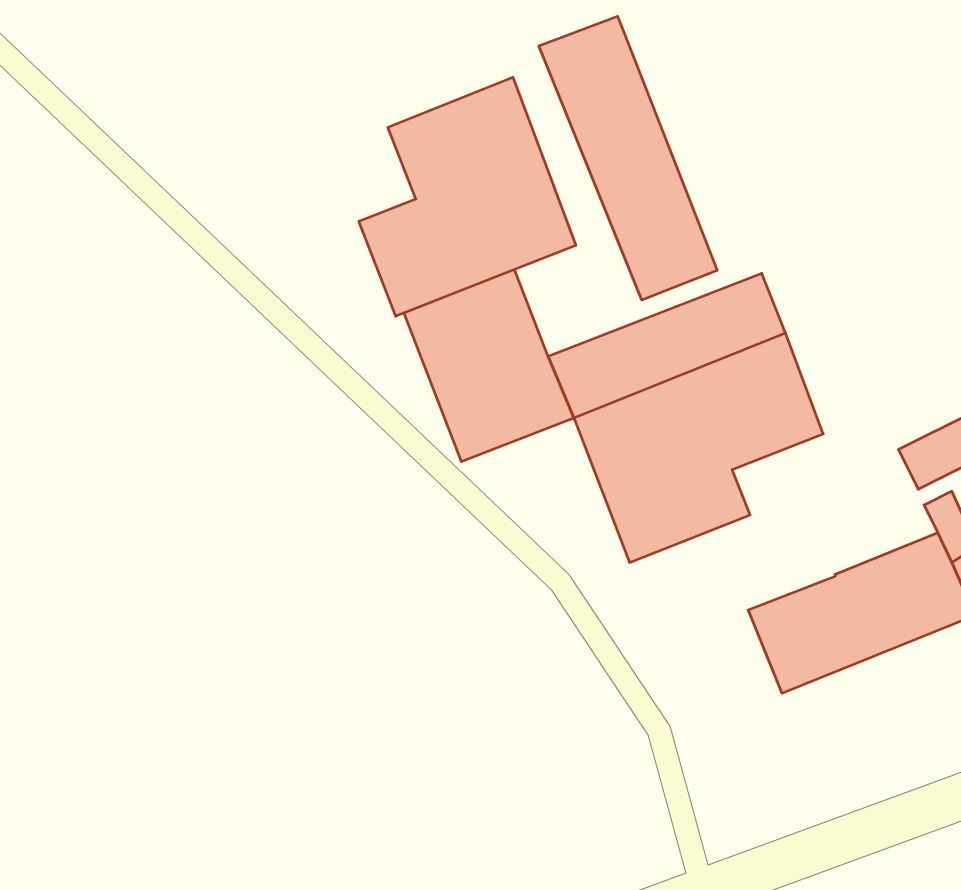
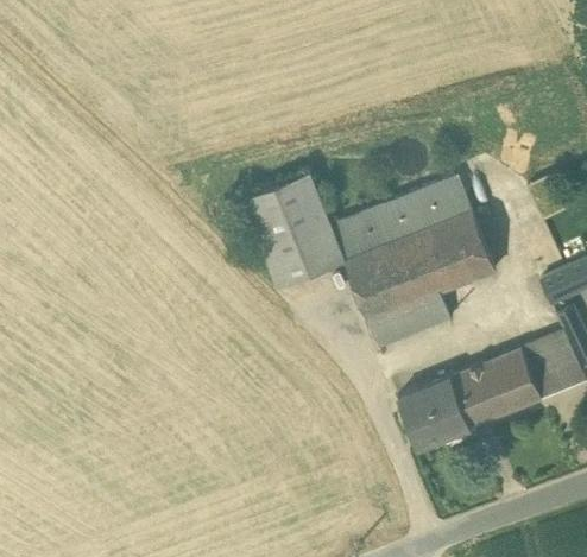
building: [539,16,717,300] -> none
building: [359,77,576,316] -> none
building: none -> [398,376,471,448]

